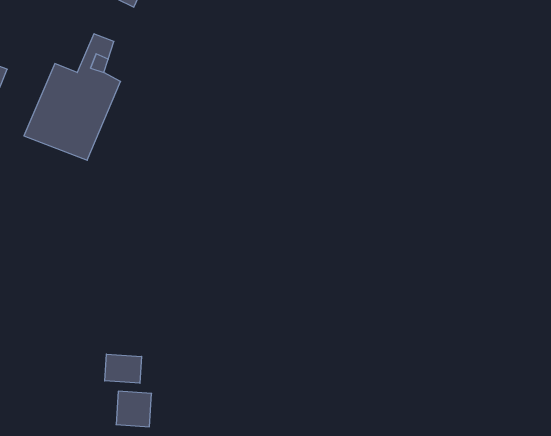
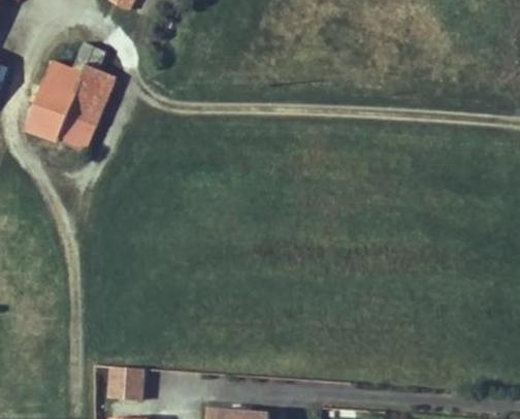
building: [105,354,142,383] -> none

